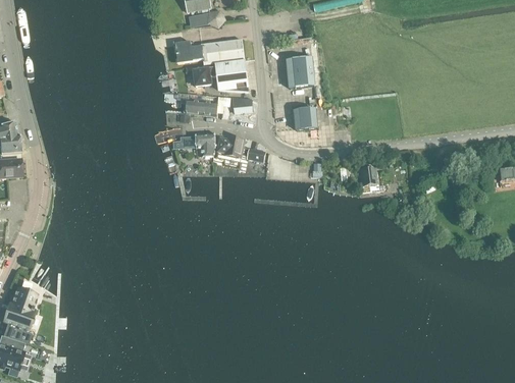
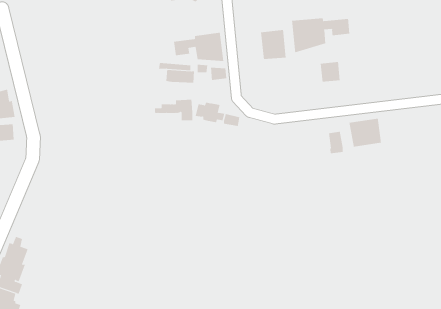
building: [176,38,243,64] -> none
building: none -> [291,17,350,53]
building: [294,106,316,128] -> [320,62,341,82]
building: none -> [349,118,381,147]

